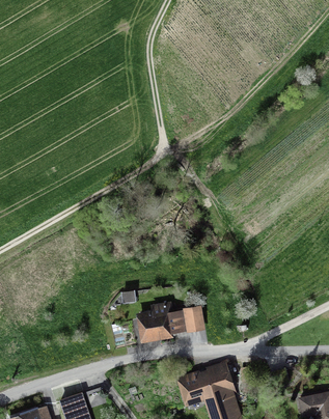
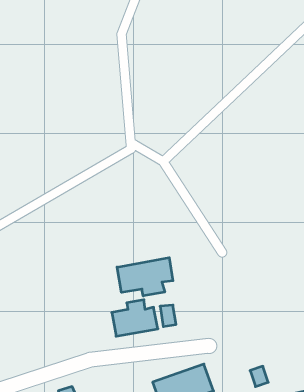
building: none -> [117,258,173,296]

